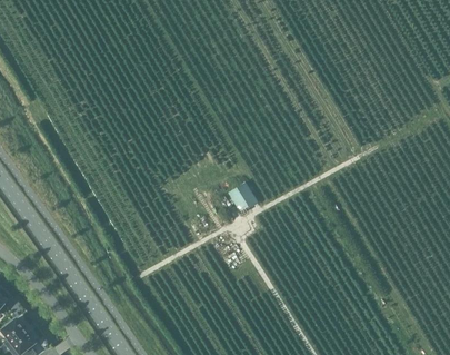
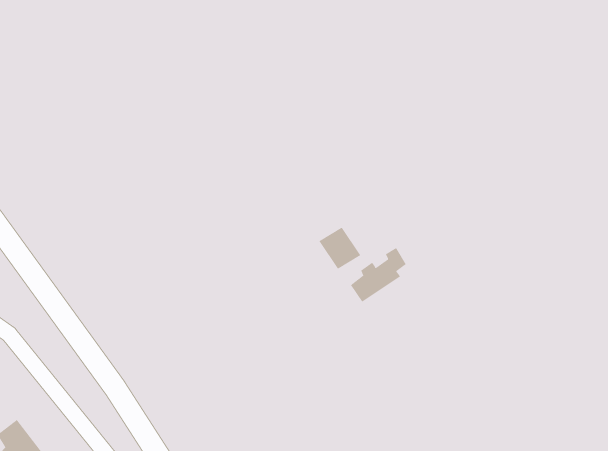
building: none -> [350,247,407,303]

